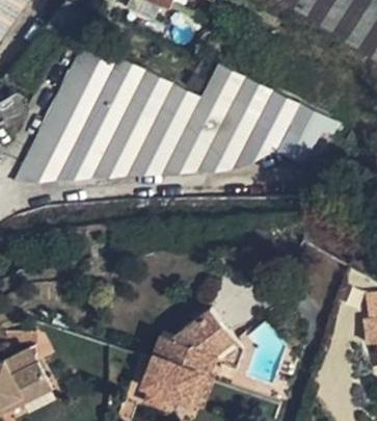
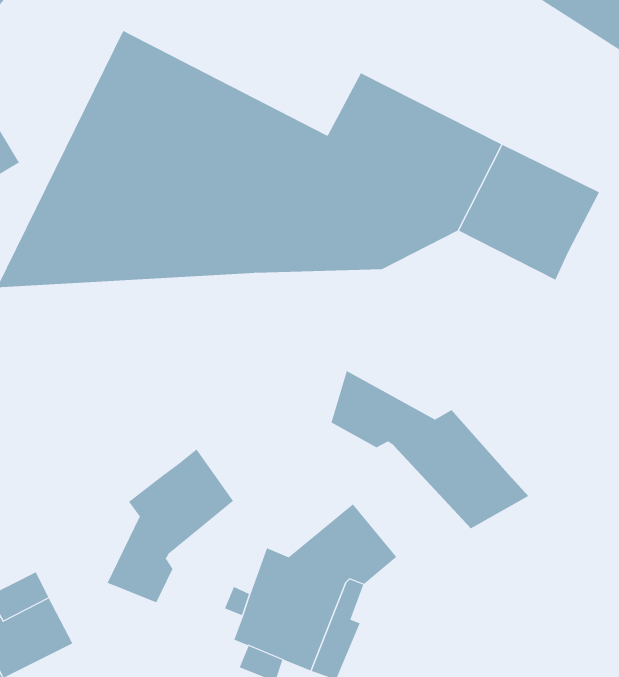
building: none -> [331,370,529,529]
building: none -> [107,449,234,603]

